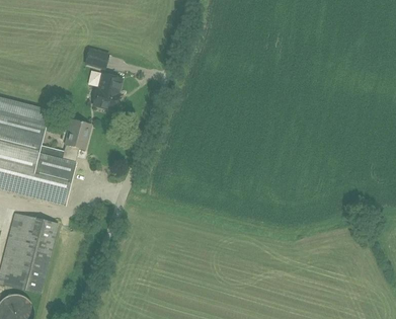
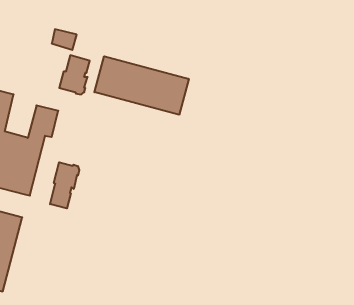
building: none -> [94,56,189,115]
building: none -> [50,162,79,208]

